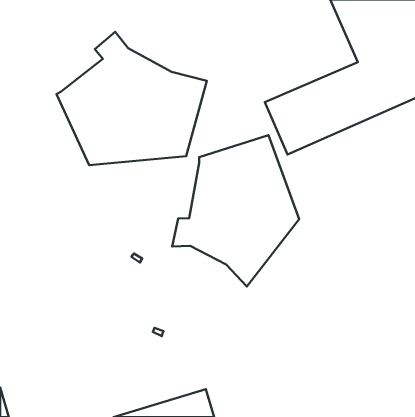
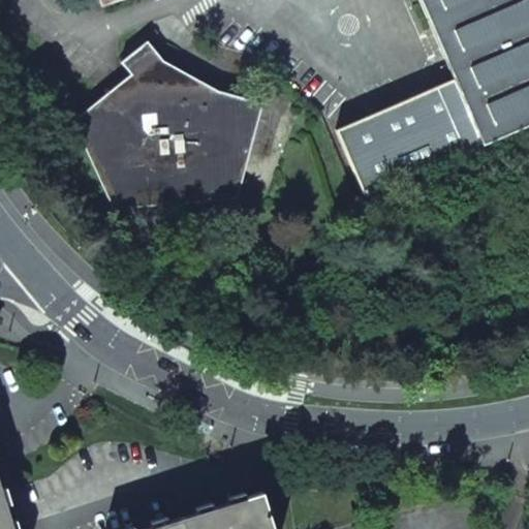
building: [172,135,299,286] -> none

